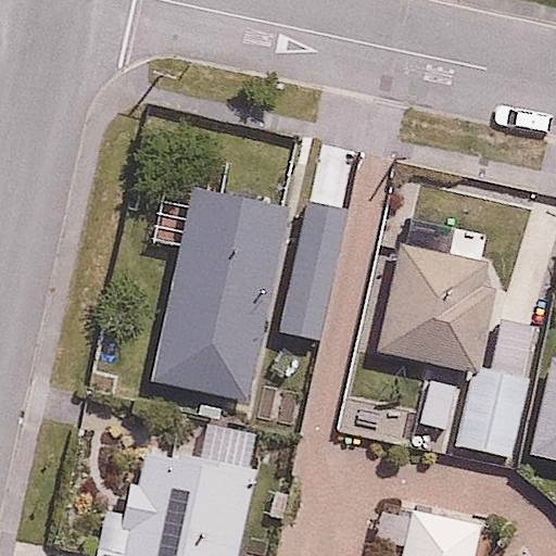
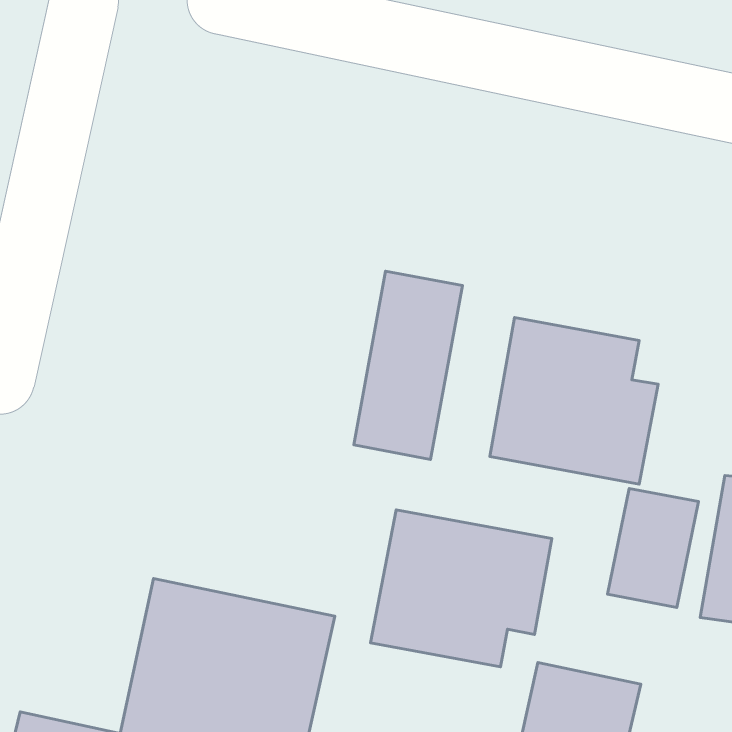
building: [151,189,289,413] -> none
building: none -> [370,510,552,667]

